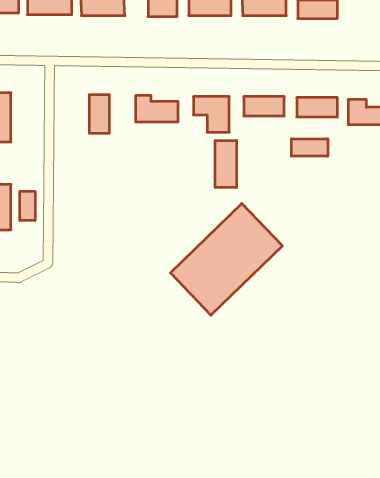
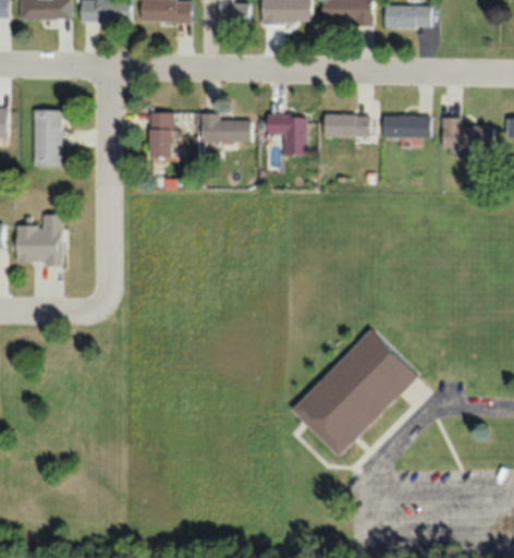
building: [291,139,328,156] -> none
building: [215,140,237,188] -> none
building: [20,191,35,221] -> none
building: [170,203,282,315] -> [292,329,418,456]

